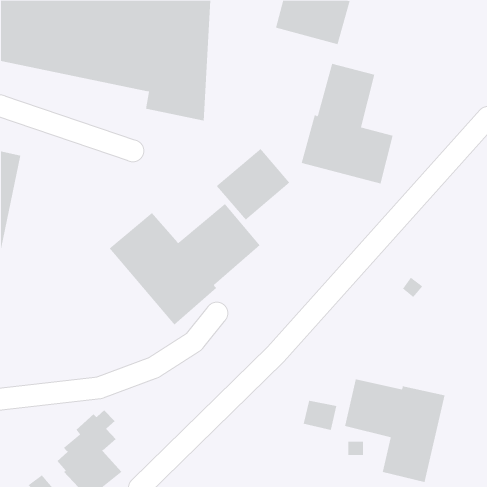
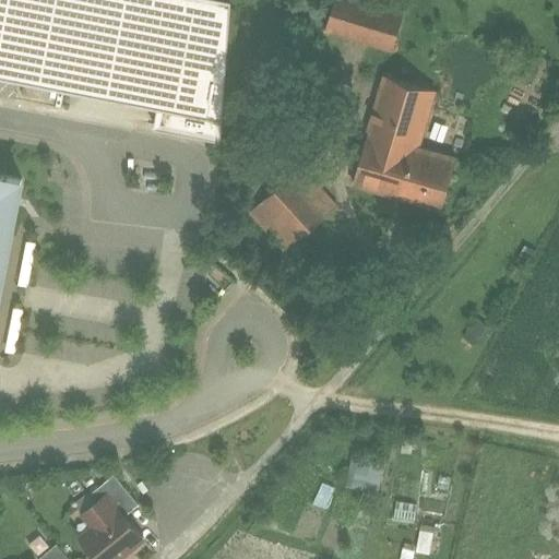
building: [109,203,261,325] -> none
building: [344,379,445,483] -> none

